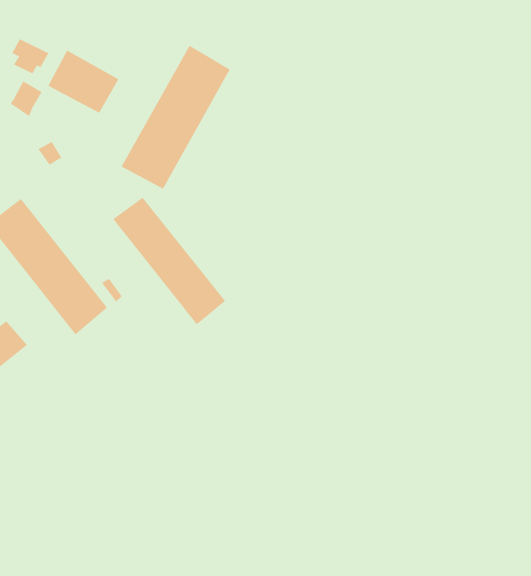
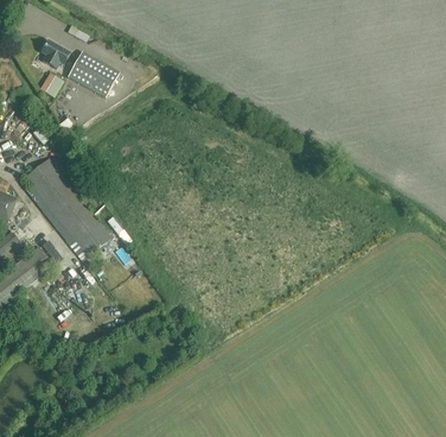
building: [121,45,230,189] -> none
building: [113,197,226,325] -> none

